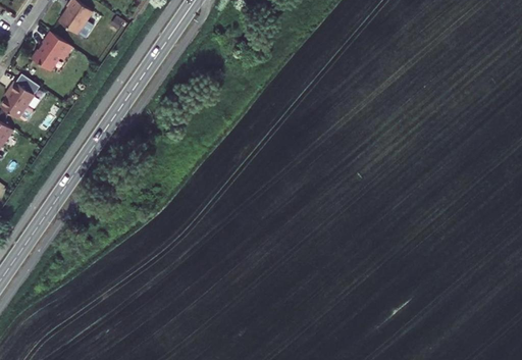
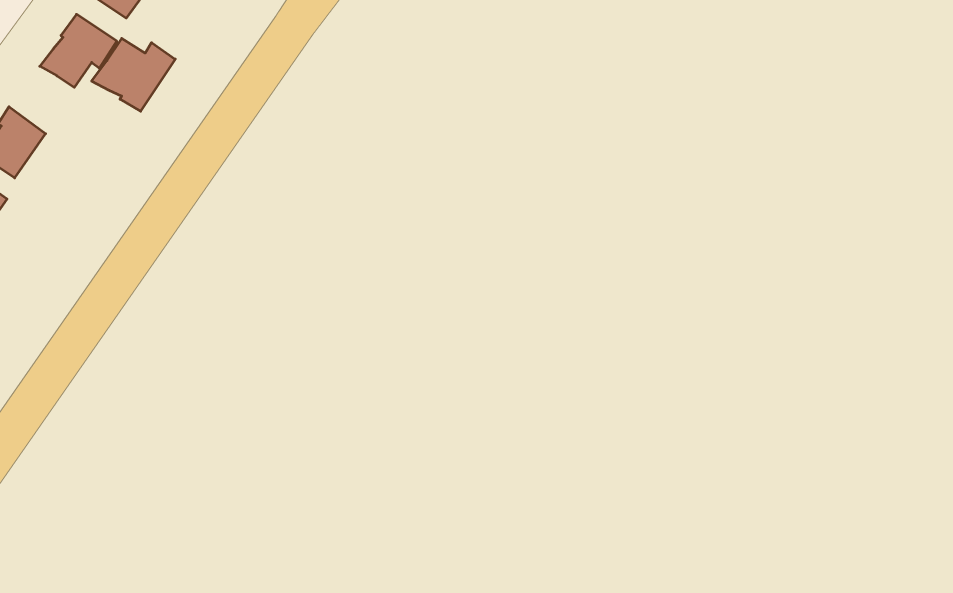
building: none -> [92,38,175,111]

